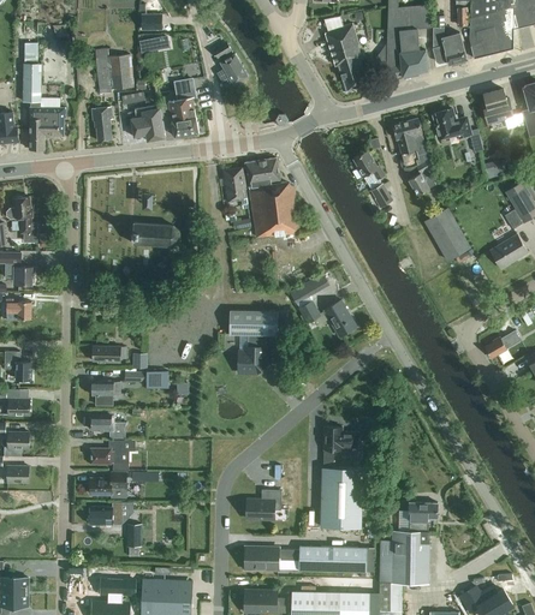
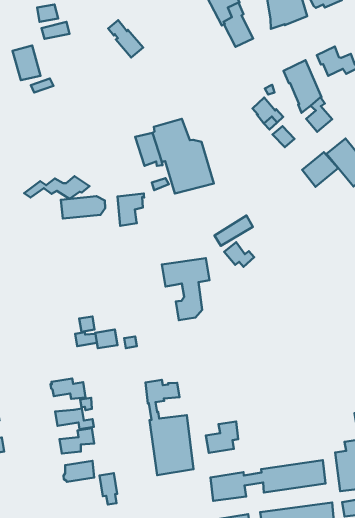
building: [168,79,198,137] -> none
building: [131,105,165,142] -> none
building: [91,107,112,141] -> none
building: none -> [24,176,90,199]
building: none -> [302,152,338,187]
building: none -> [118,194,144,226]
building: [323,300,357,336] -> none
building: [93,346,126,363] -> none
building: [91,381,119,406] -> none
building: [321,426,363,527] -> [145,380,194,475]

